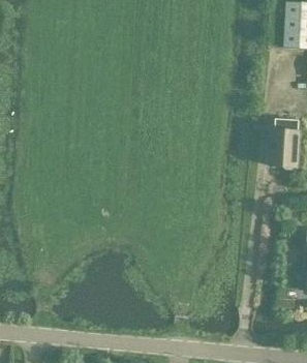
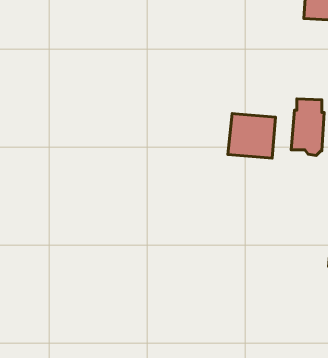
building: none -> [228,113,275,158]

